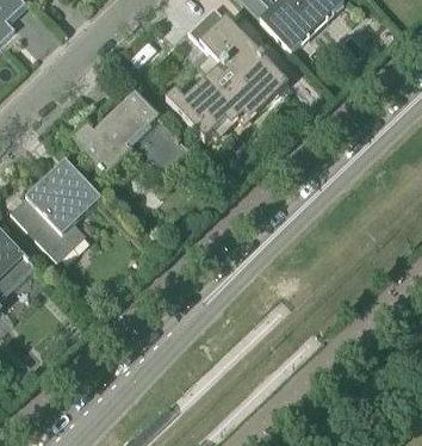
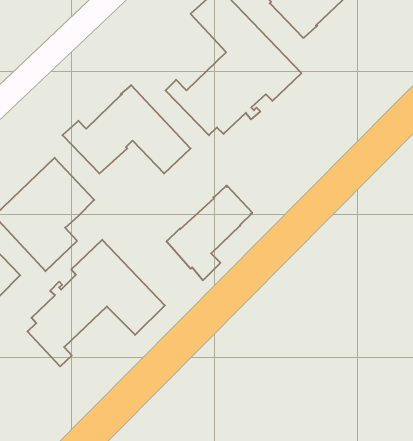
building: none -> [167,186,252,280]
building: none -> [27,240,165,366]

